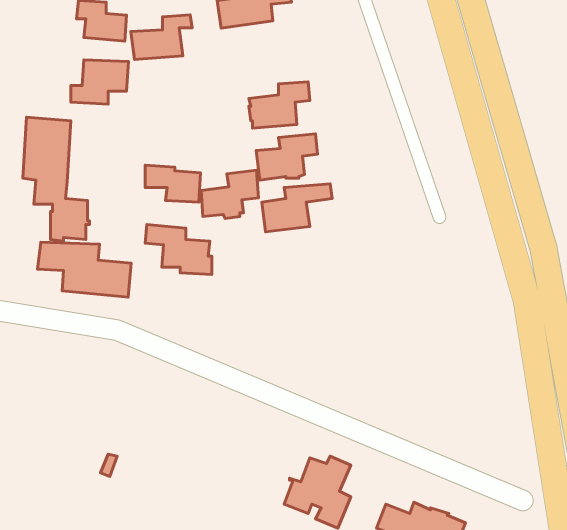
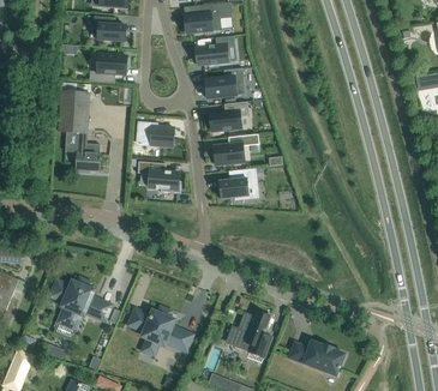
building: [131,15,192,59] -> [196,36,235,65]
building: [201,170,258,218] -> [221,168,258,199]
building: [38,242,131,297] -> none
building: none -> [52,278,112,329]
building: none -> [130,307,192,350]

